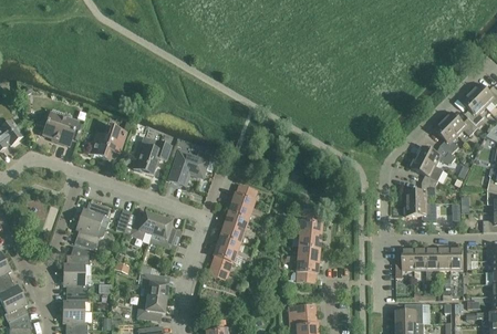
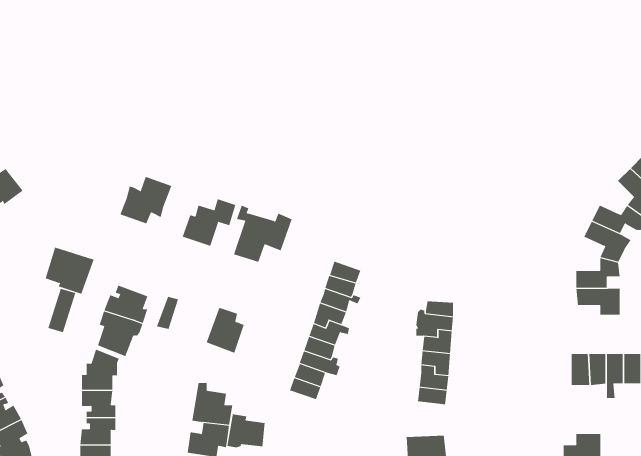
building: [43,112,77,145] -> [45,247,94,295]
building: [130,211,158,240] -> none
building: none -> [227,414,265,448]

